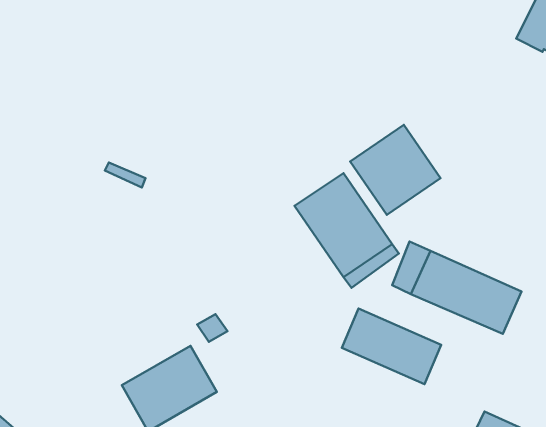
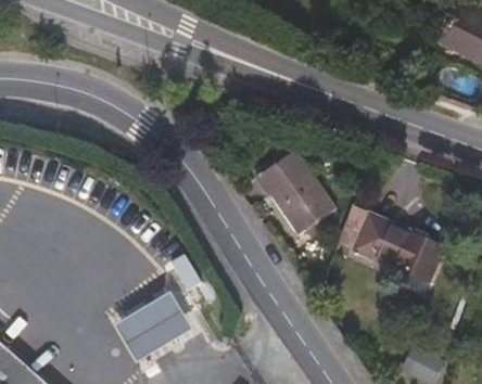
building: [350,125,441,215] -> none
building: [342,309,441,384] -> none

